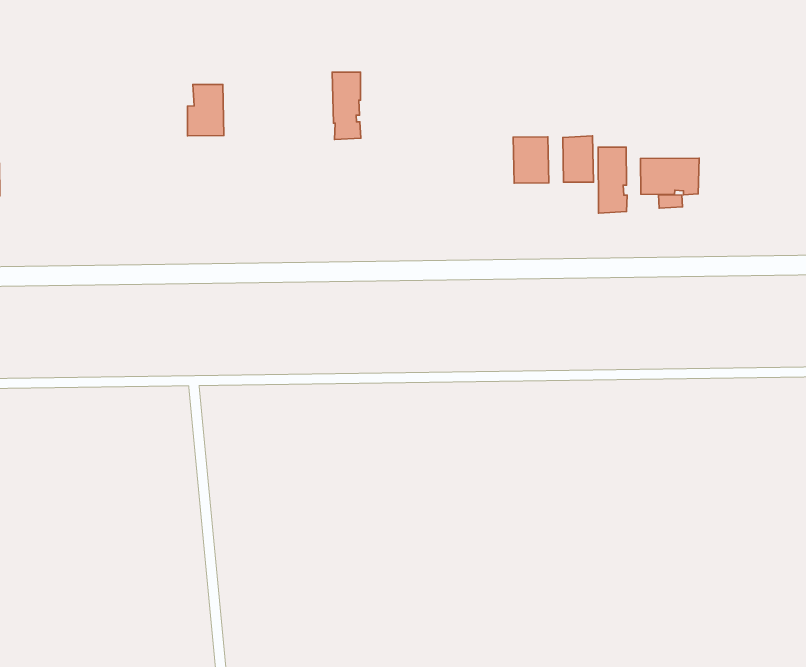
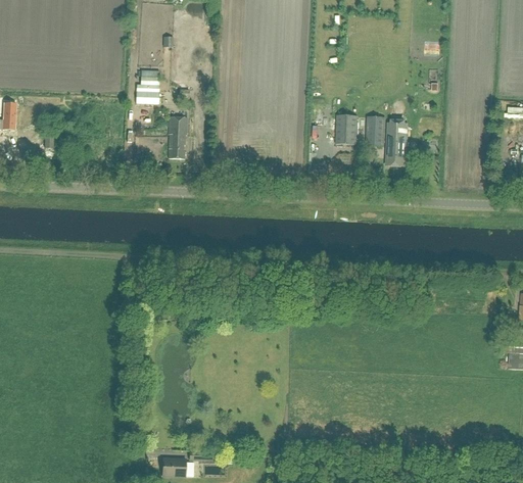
building: [332,72,361,140] -> [168,116,186,158]
building: [640,158,699,195] -> none

